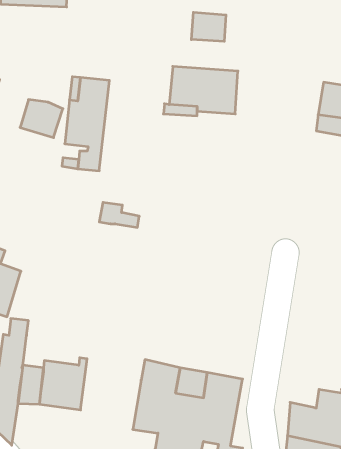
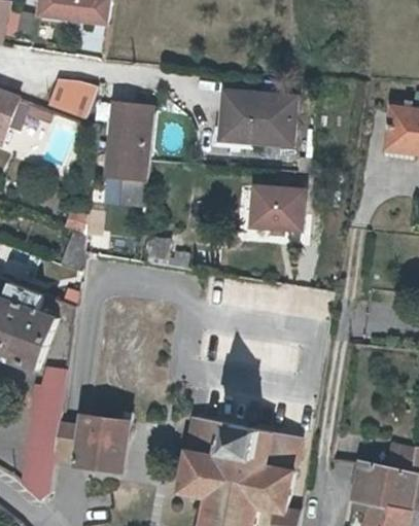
building: [191,12,226,41] -> none
building: [20,100,63,138] -> [48,77,96,119]
building: none -> [250,184,305,232]

